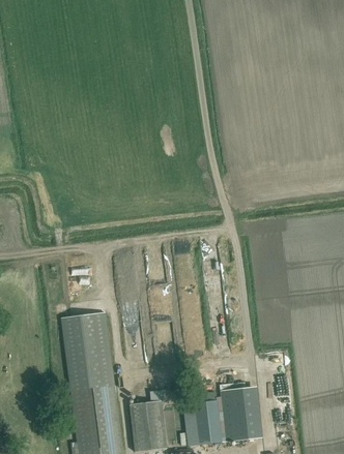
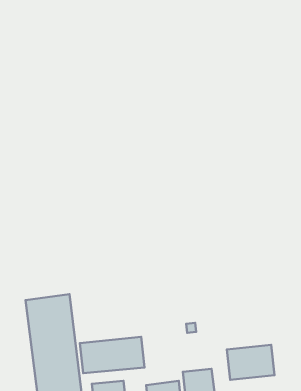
building: none -> [80,337,145,373]
building: none -> [227,345,275,380]

